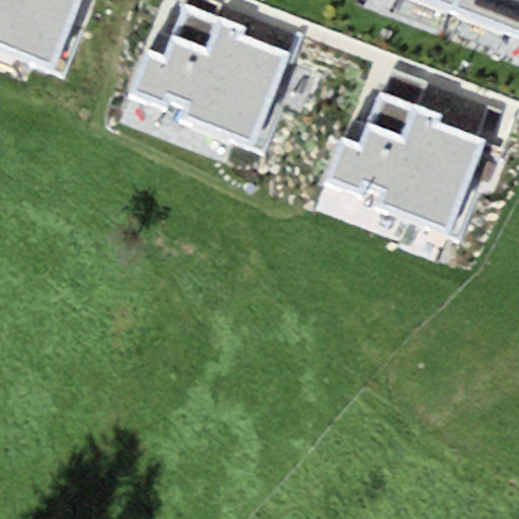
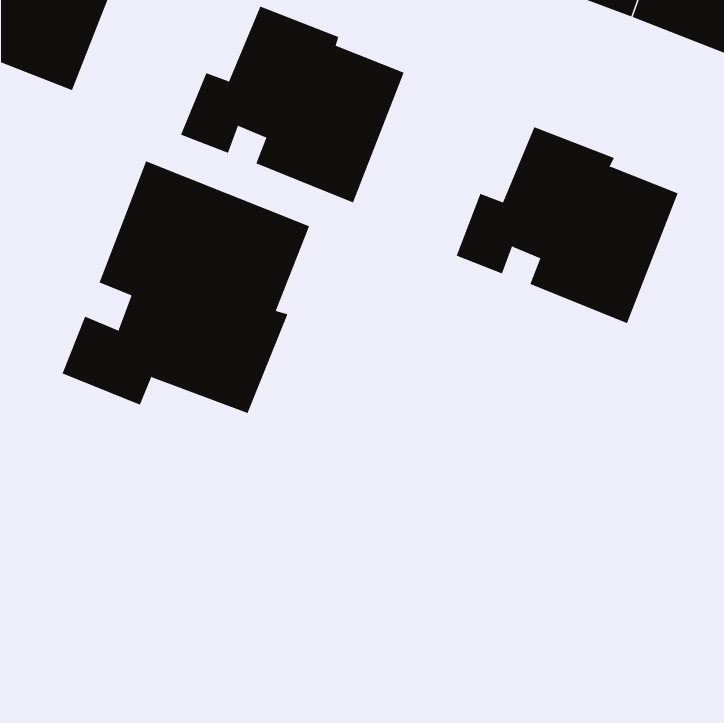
building: none -> [62,160,310,414]

